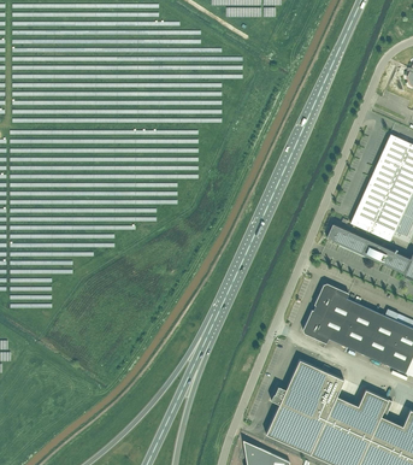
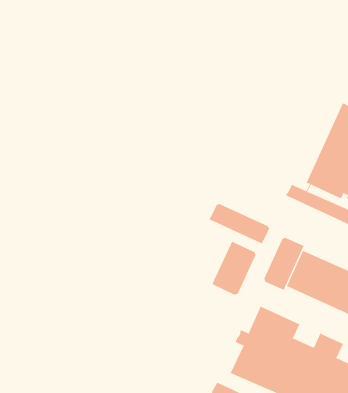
building: none -> [209,203,270,244]
building: none -> [212,241,256,295]

